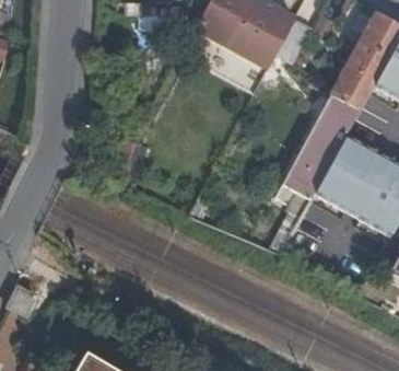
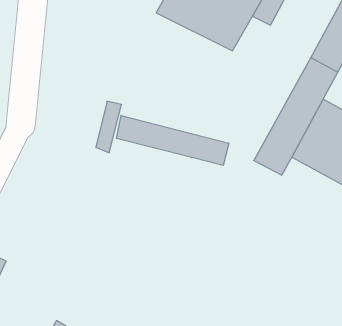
building: none -> [116,115,229,165]

